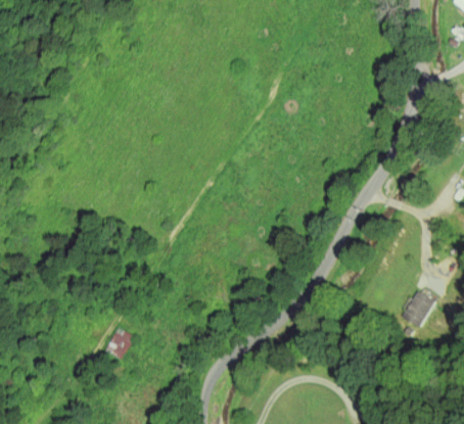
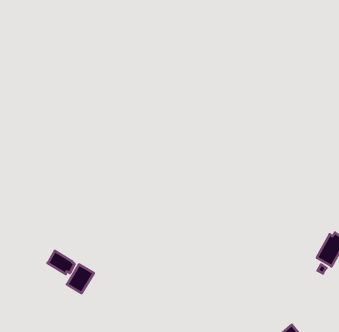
building: none -> [48,251,74,274]

